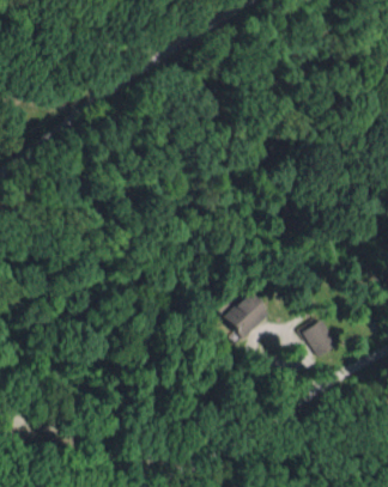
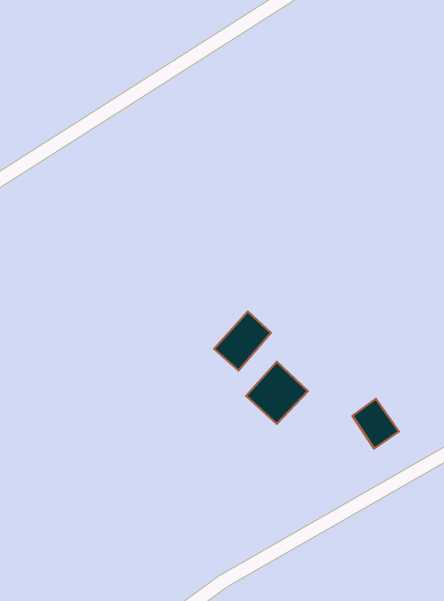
building: none -> [214,312,271,370]

